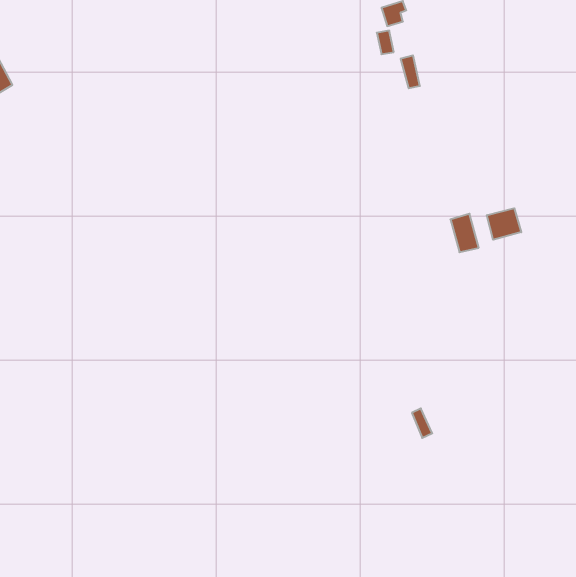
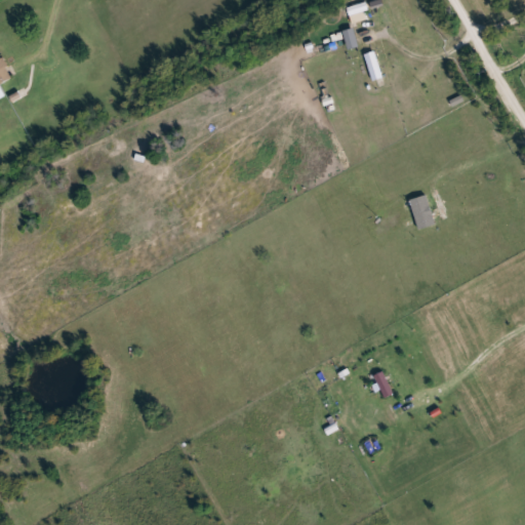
building: [487,208,521,240] -> none

